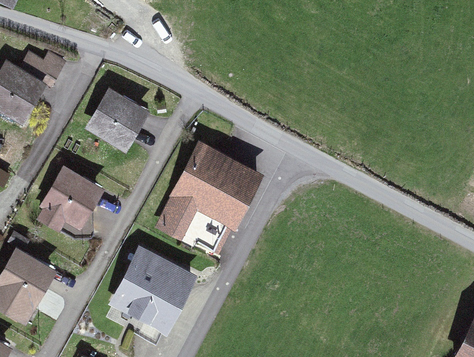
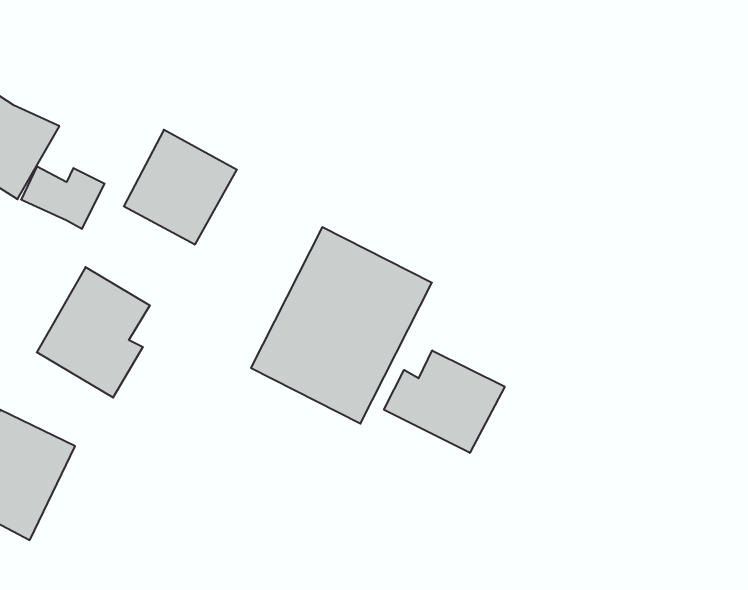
building: [22,54,70,90] -> [21,166,105,229]
building: none -> [384,350,505,453]
building: [109,246,193,331] -> none

